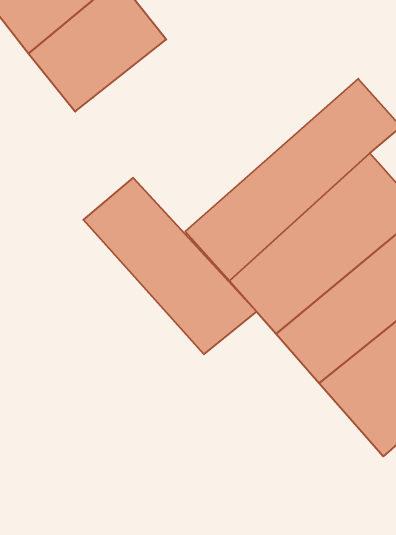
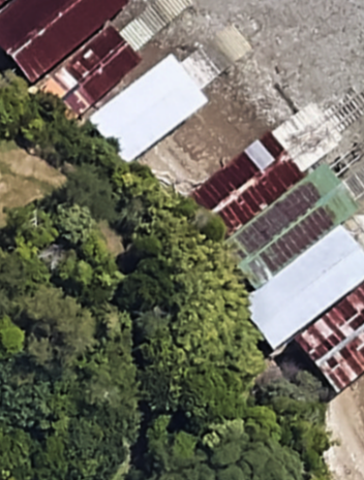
building: none -> [99,54,216,164]
building: [83,178,256,354] -> none

